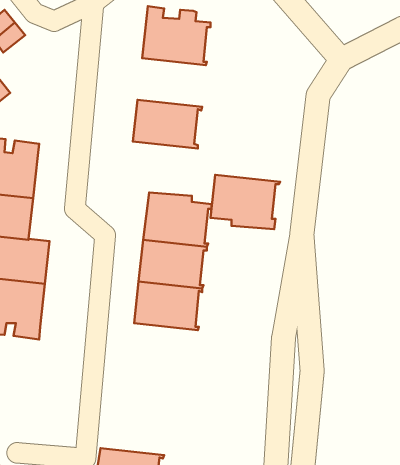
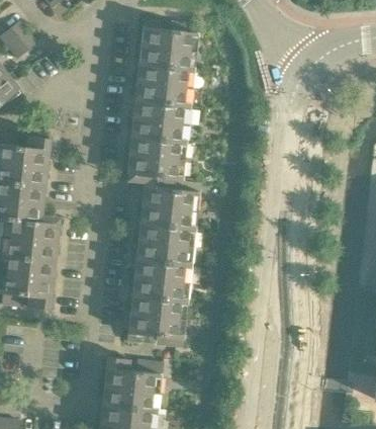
building: none -> [133,65,193,107]
building: [211,175,280,229] -> [125,138,186,185]
building: none -> [125,296,186,347]
building: none -> [101,357,162,412]

